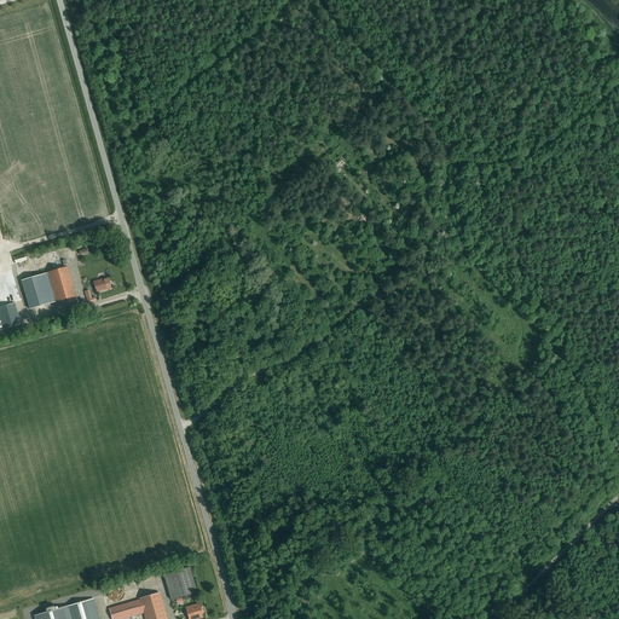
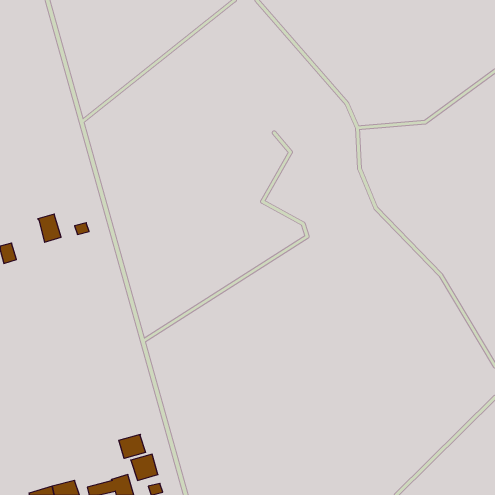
building: [22,274,56,310] -> none
building: none -> [119,434,146,458]

